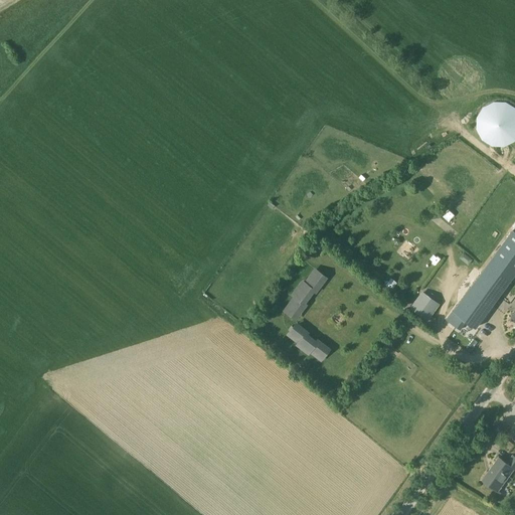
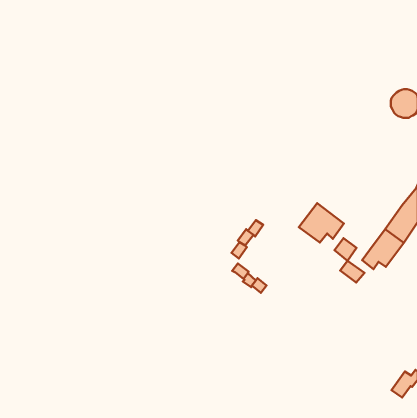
building: none -> [299,203,344,243]
building: none -> [340,261,364,283]

